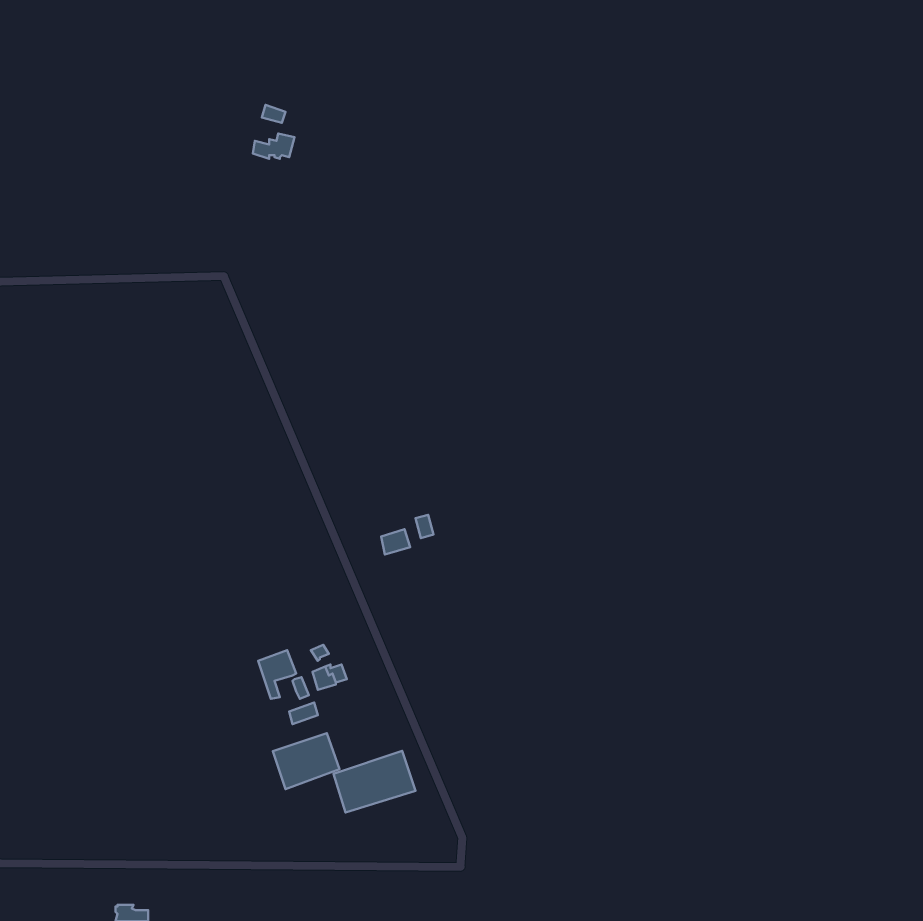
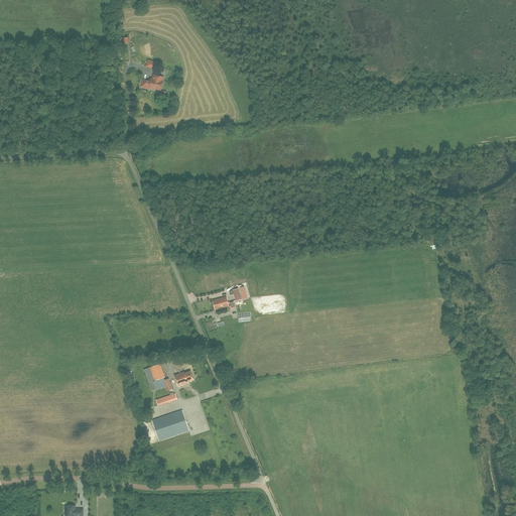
building: [333,751,416,812] -> none

